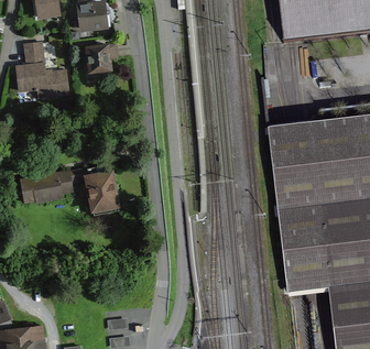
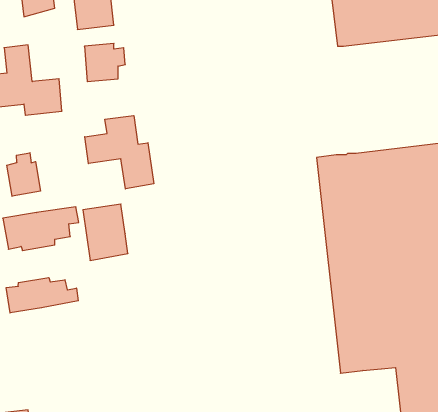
building: none -> [85,116,154,189]
building: none -> [7,153,40,196]
building: none -> [6,278,78,313]

